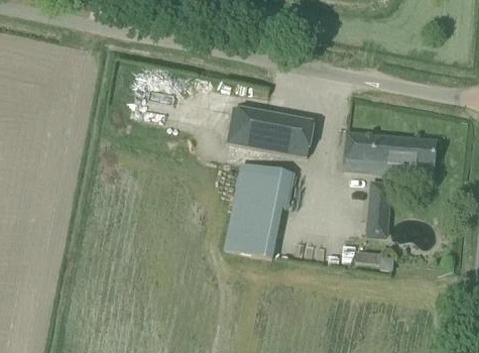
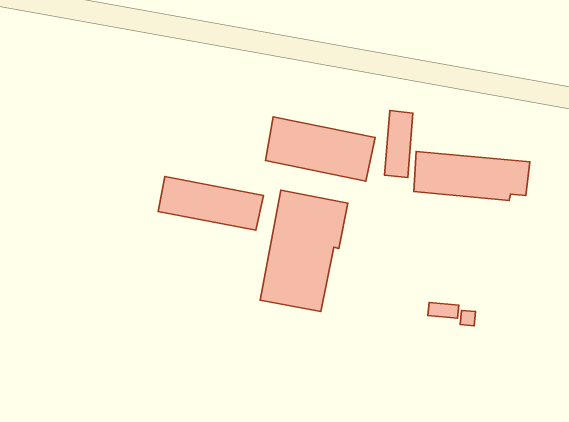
building: none -> [158,177,263,230]
building: [368,186,390,238] -> [385,110,413,178]

